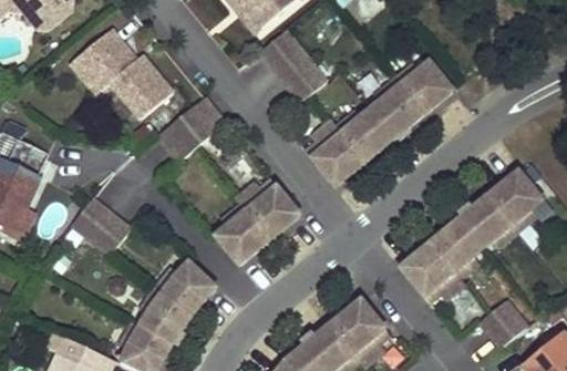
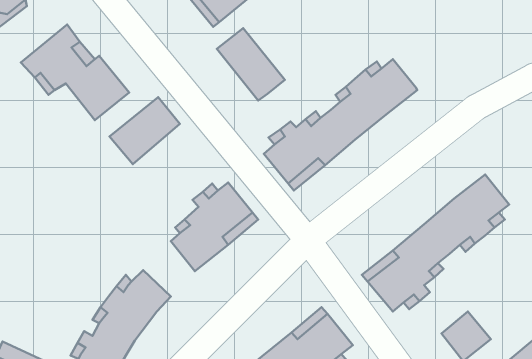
building: [68,200,127,257] -> none

